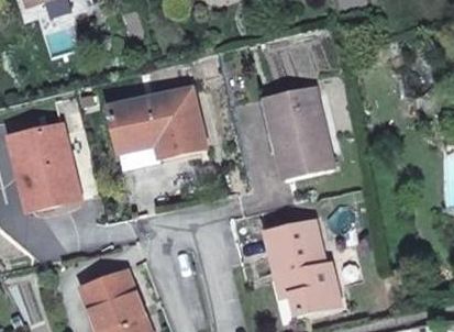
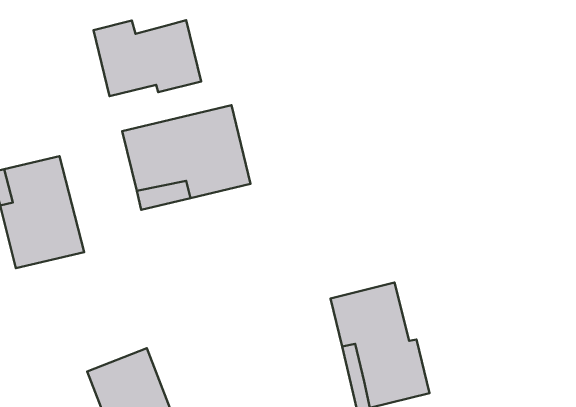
building: none -> [94,20,201,96]
building: [265,85,333,179] -> none

